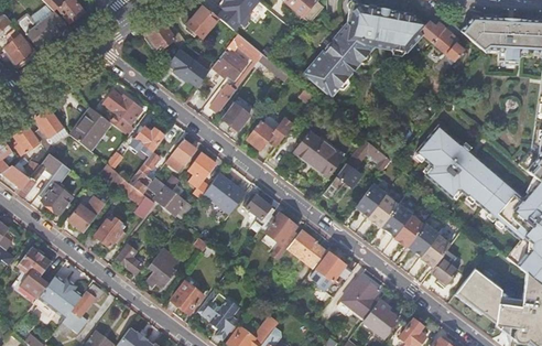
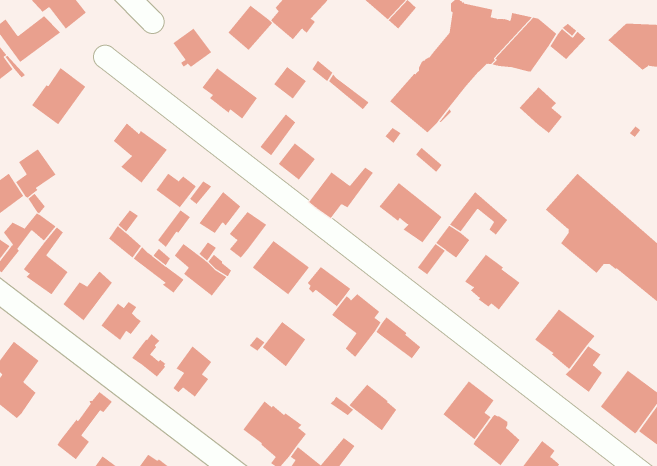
building: [431,29,463,63] -> [519,86,563,134]
building: [71,108,110,150] -> [31,67,86,125]
building: [381,204,424,248] -> none
building: [316,252,351,286] -> [348,384,397,431]
building: [39,275,83,318] -> none
building: [171,281,203,314] -> [262,321,306,367]

